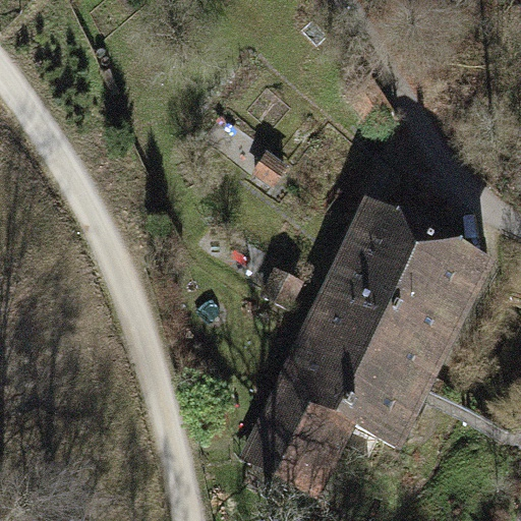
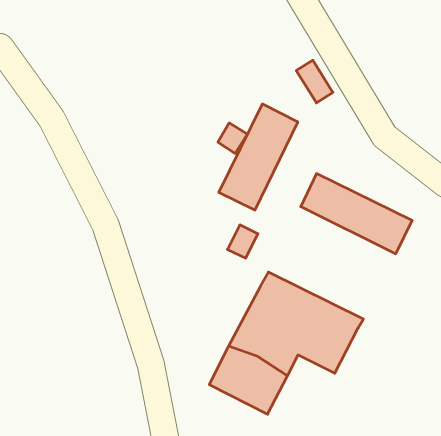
building: none -> [219,104,298,210]
building: [319,241,467,372] -> none

